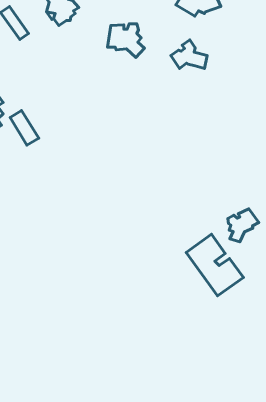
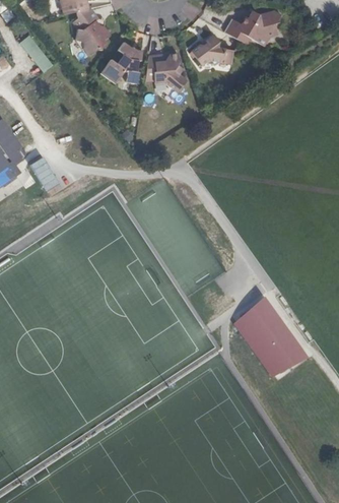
building: none -> [100,41,142,83]
building: [171,40,207,69] -> [191,30,233,64]
building: [228,209,259,242] -> none

